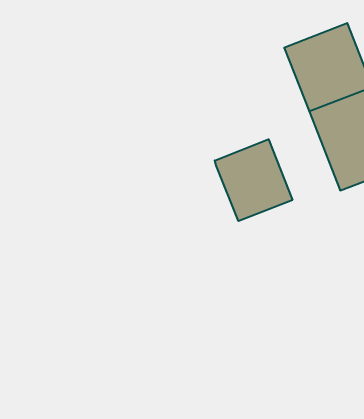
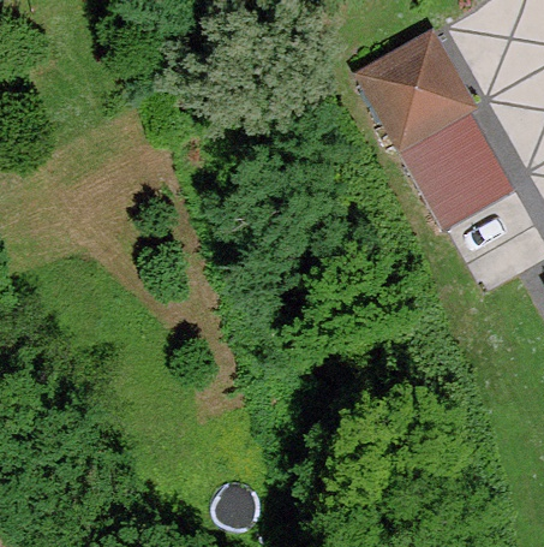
building: [215,139,292,221] -> none

